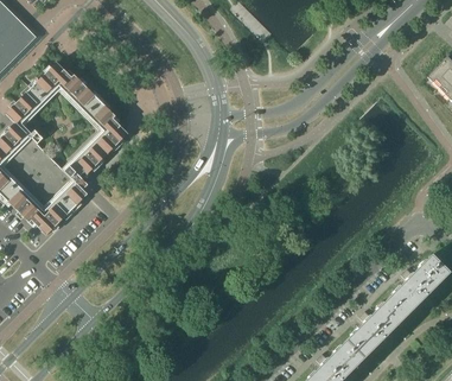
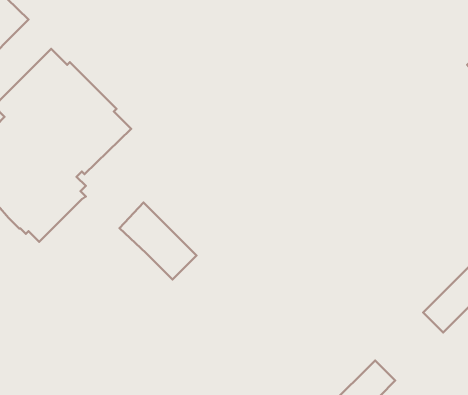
building: none -> [119,203,196,280]
building: [344,298,405,358] -> none

